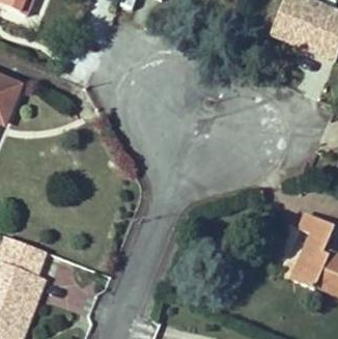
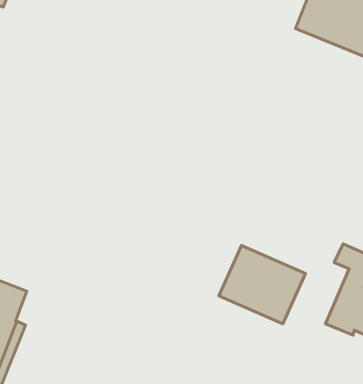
building: none -> [219,246,305,324]

